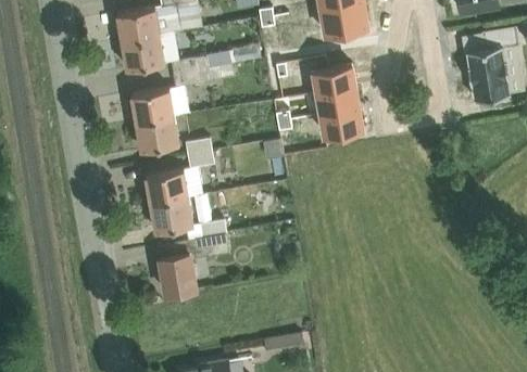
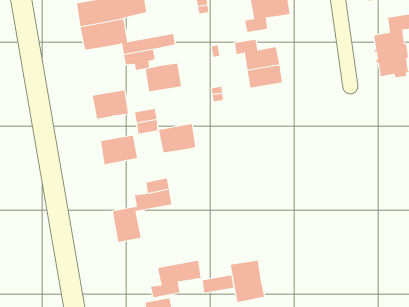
building: [130,89,174,123] -> [145,63,182,92]
building: [315,107,363,150] -> none
building: [149,196,193,231] -> [158,123,196,153]
building: none -> [230,260,265,303]
building: none -> [151,260,201,298]

